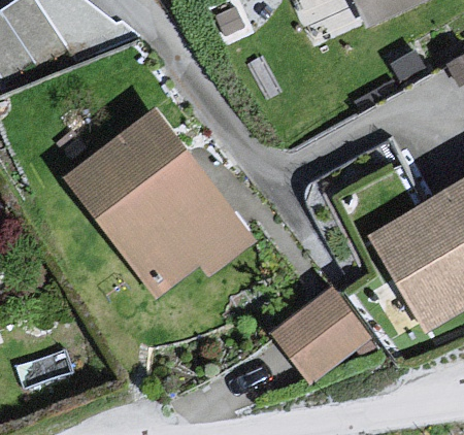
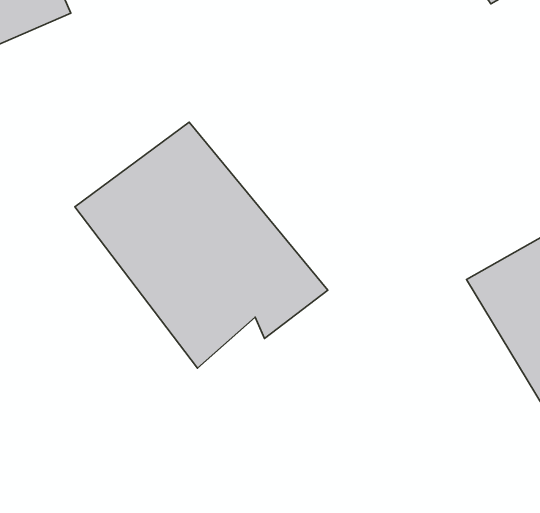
building: [271,285,375,383] -> none

